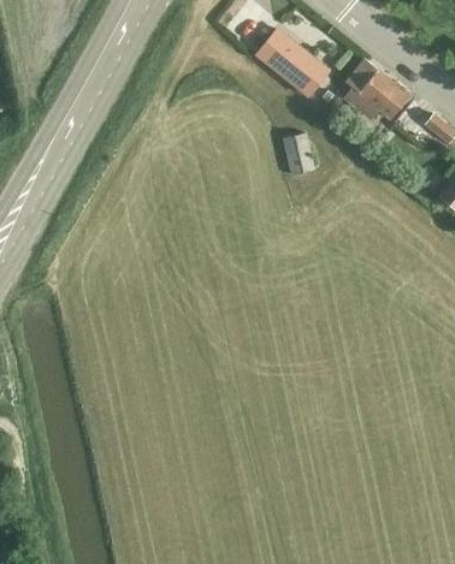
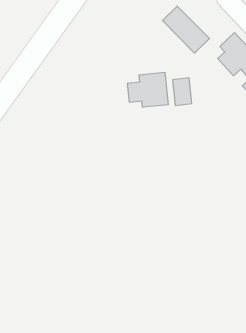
building: none -> [128,72,168,107]

